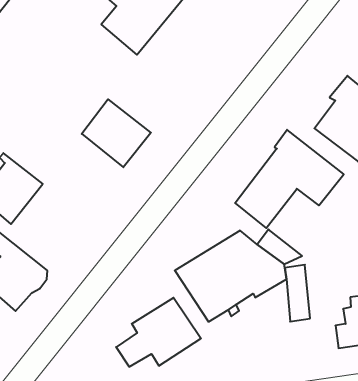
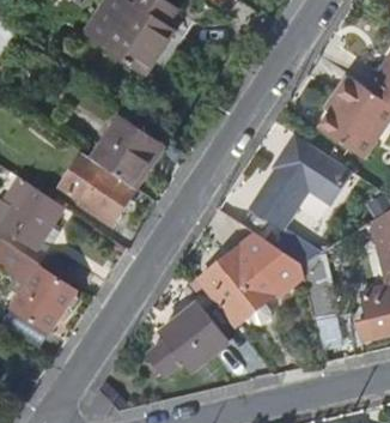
building: none -> [60,150,138,224]

